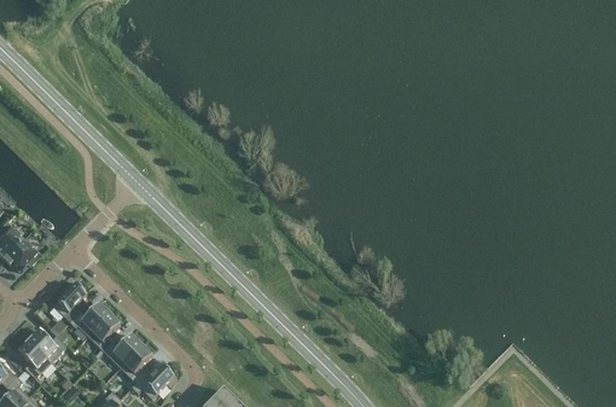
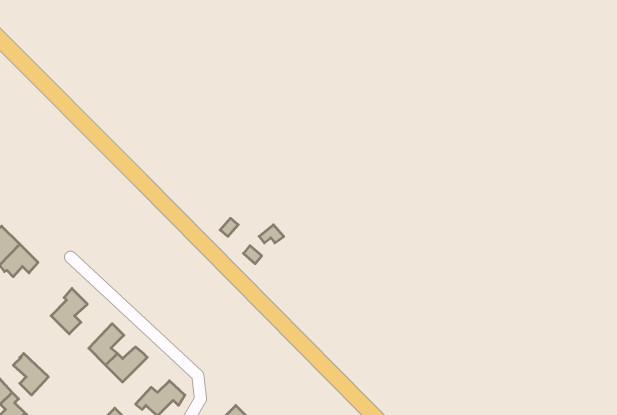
building: [69,302,109,335] -> none
building: [27,328,65,361] -> none
building: [118,343,151,386] -> none

